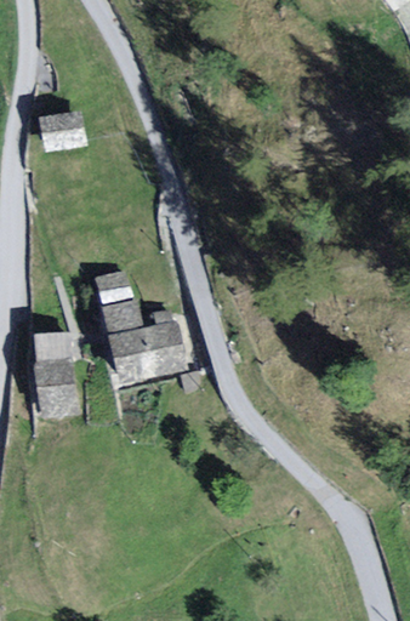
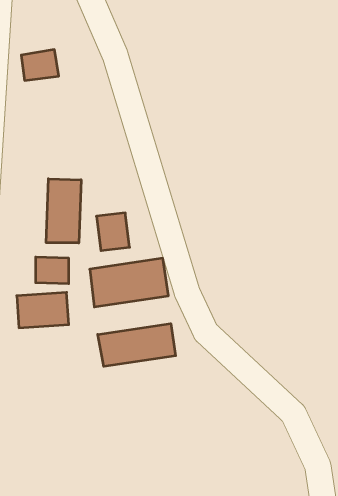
building: none -> [46,179,81,243]
building: none -> [98,324,176,366]

